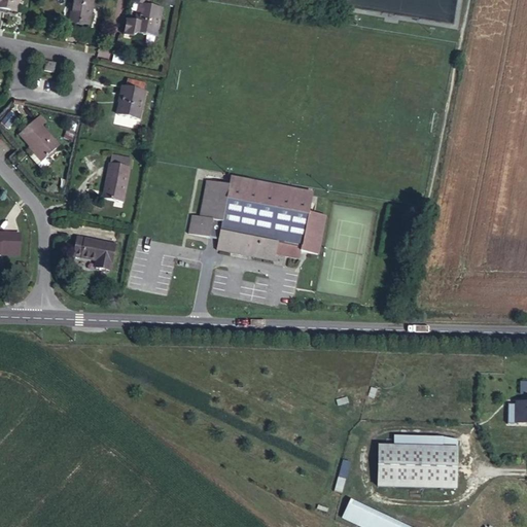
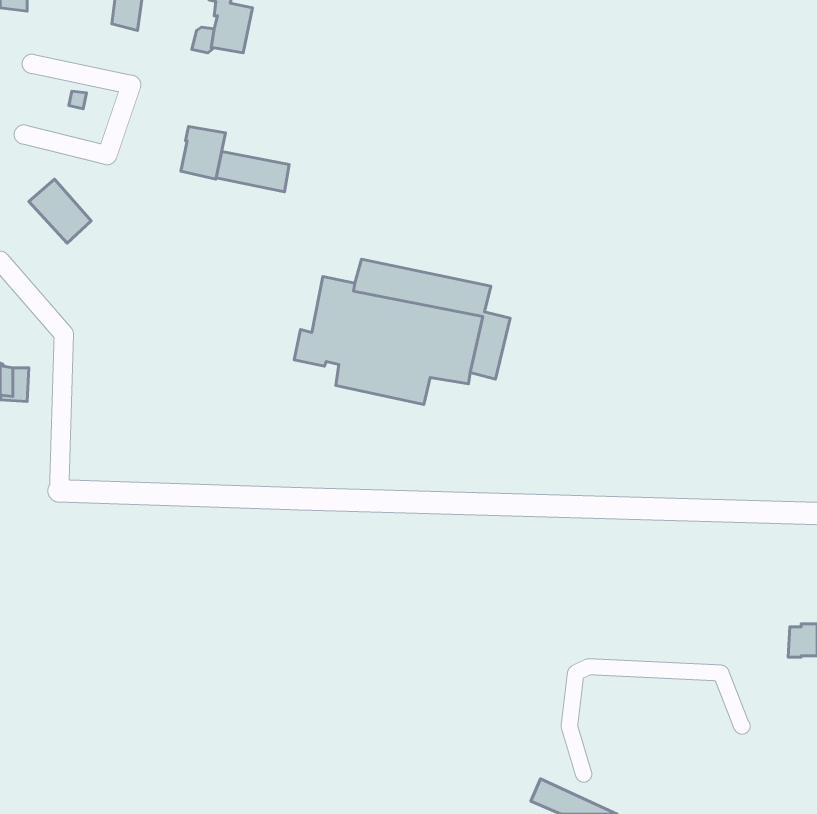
building: none -> [216,152,289,192]
building: [100,162,129,203] -> none
building: [66,237,108,268] -> none
building: [378,445,457,488] -> none

